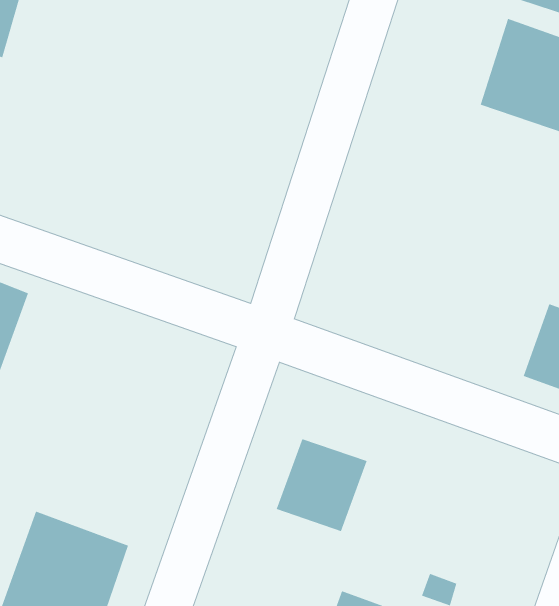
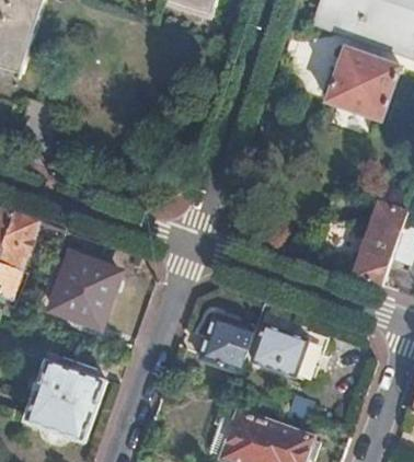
building: none -> [53,254,118,313]
building: none -> [252,323,306,371]

